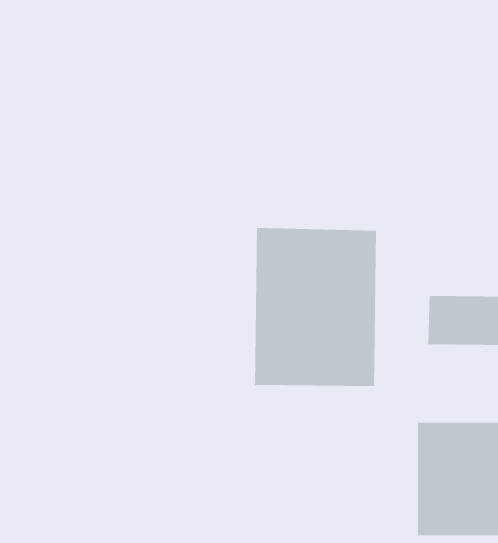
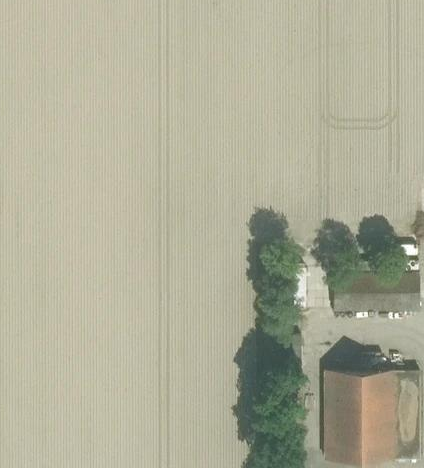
building: [255,227,376,387] -> none

